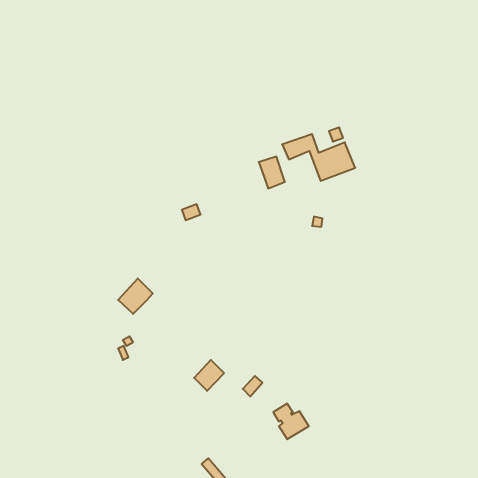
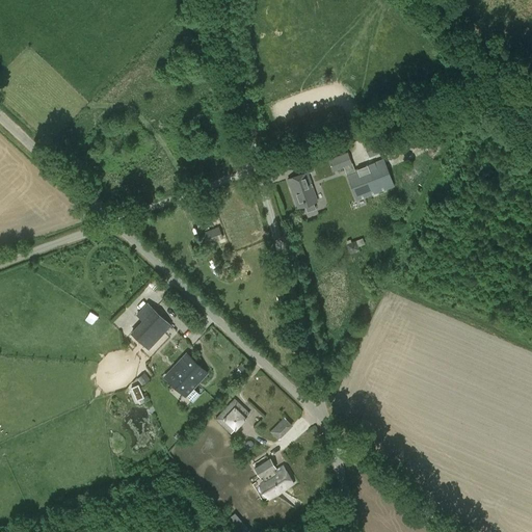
building: none -> [165,355,203,393]
building: [273,404,309,439] -> [254,459,293,499]

